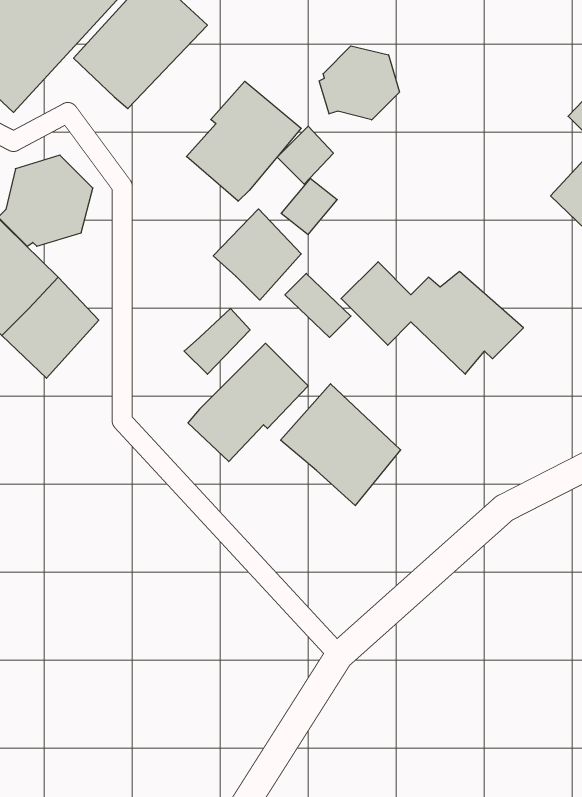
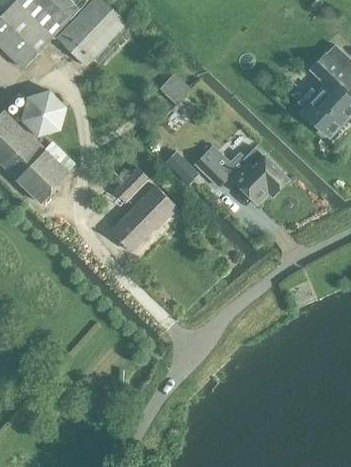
building: [319,46,400,120] -> none
building: [186,81,301,201] -> none
building: [213,209,301,300] -> none
building: [281,384,401,506] -> none

